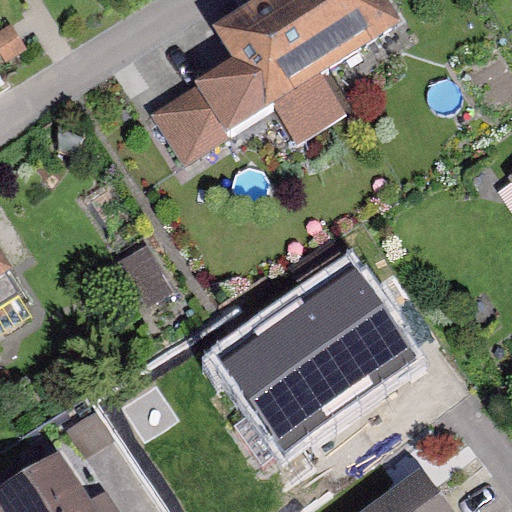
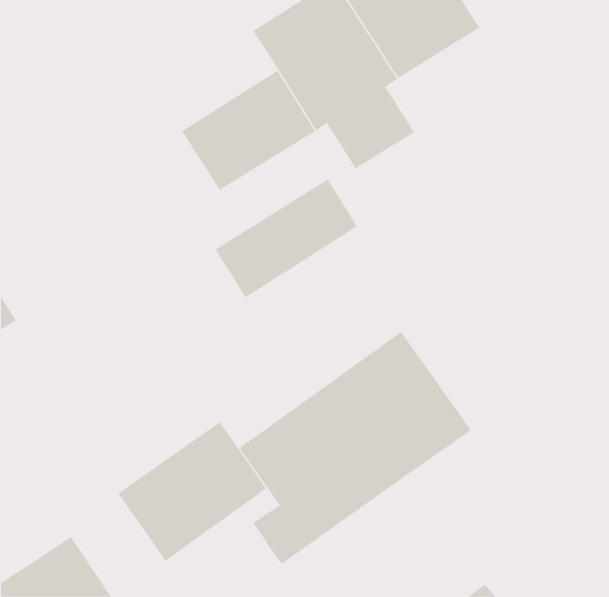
building: none -> [215,179,357,298]
building: none -> [118,421,267,561]

